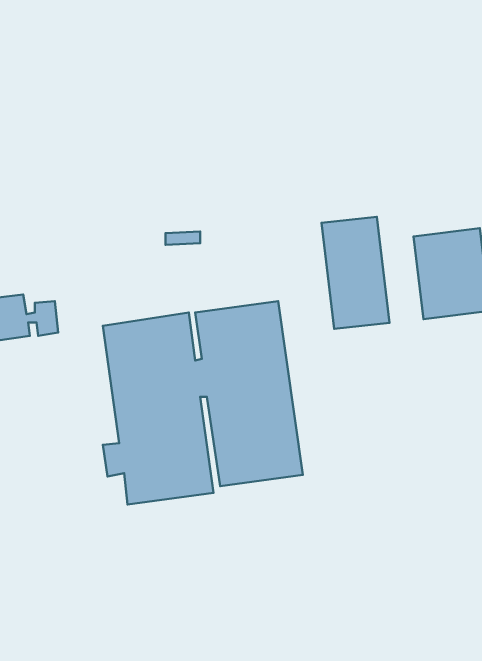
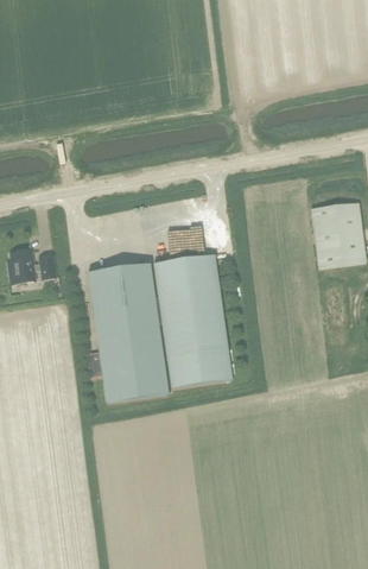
building: [321,217,390,329] -> none

